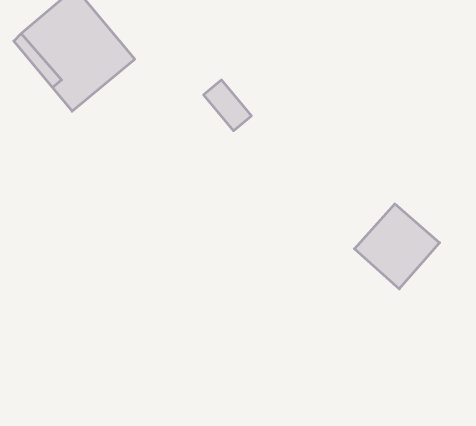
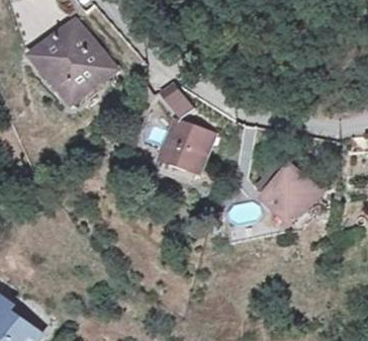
building: none -> [161,120,209,178]

